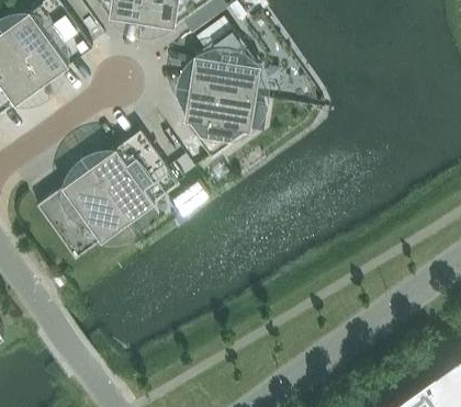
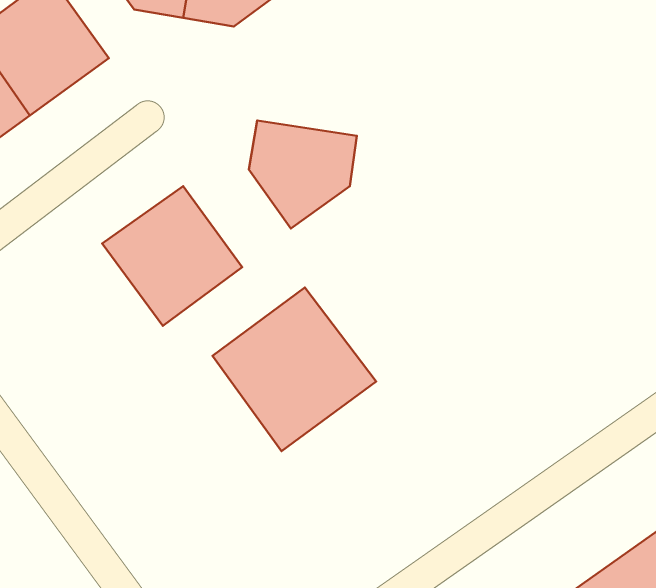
building: [185,31,256,101] -> none
building: [33,171,124,262] -> none
building: none -> [212,288,376,451]

